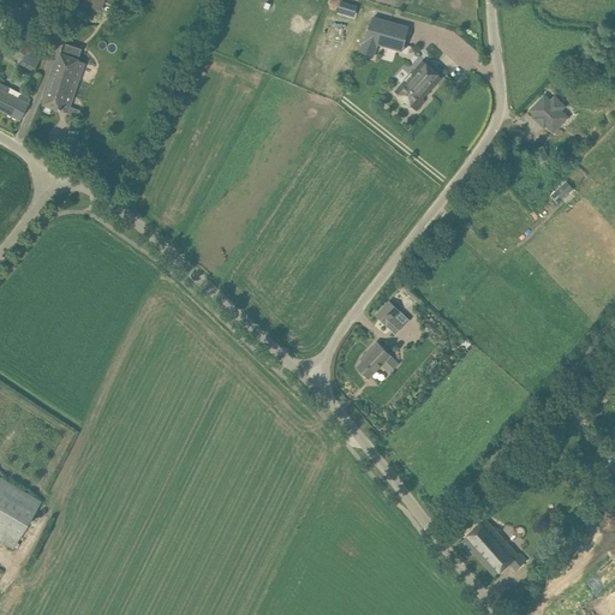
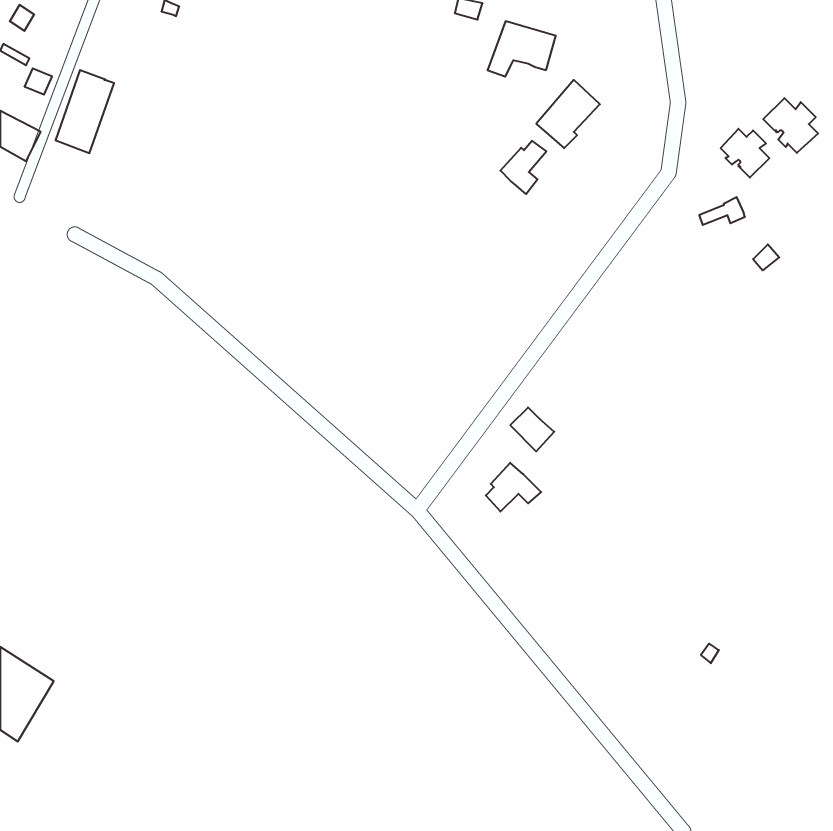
building: none -> [763,98,818,153]
building: none -> [500,141,546,194]
building: [460,519,526,574] -> none

